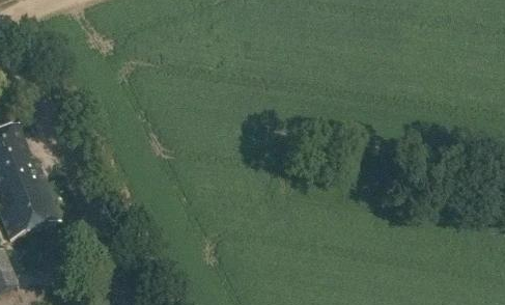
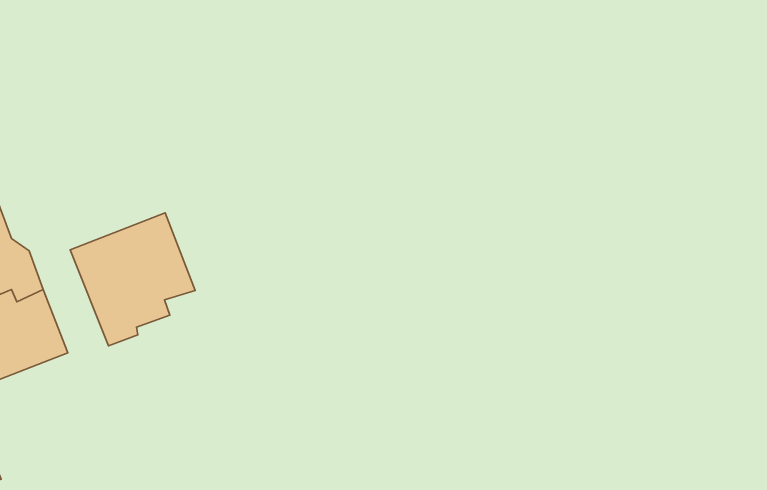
building: none -> [70,213,195,346]

